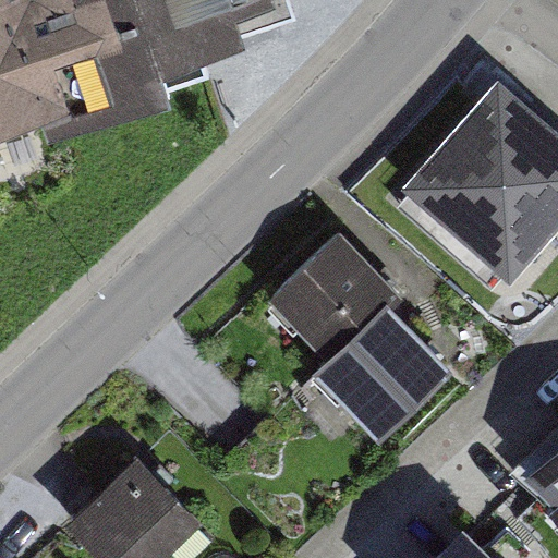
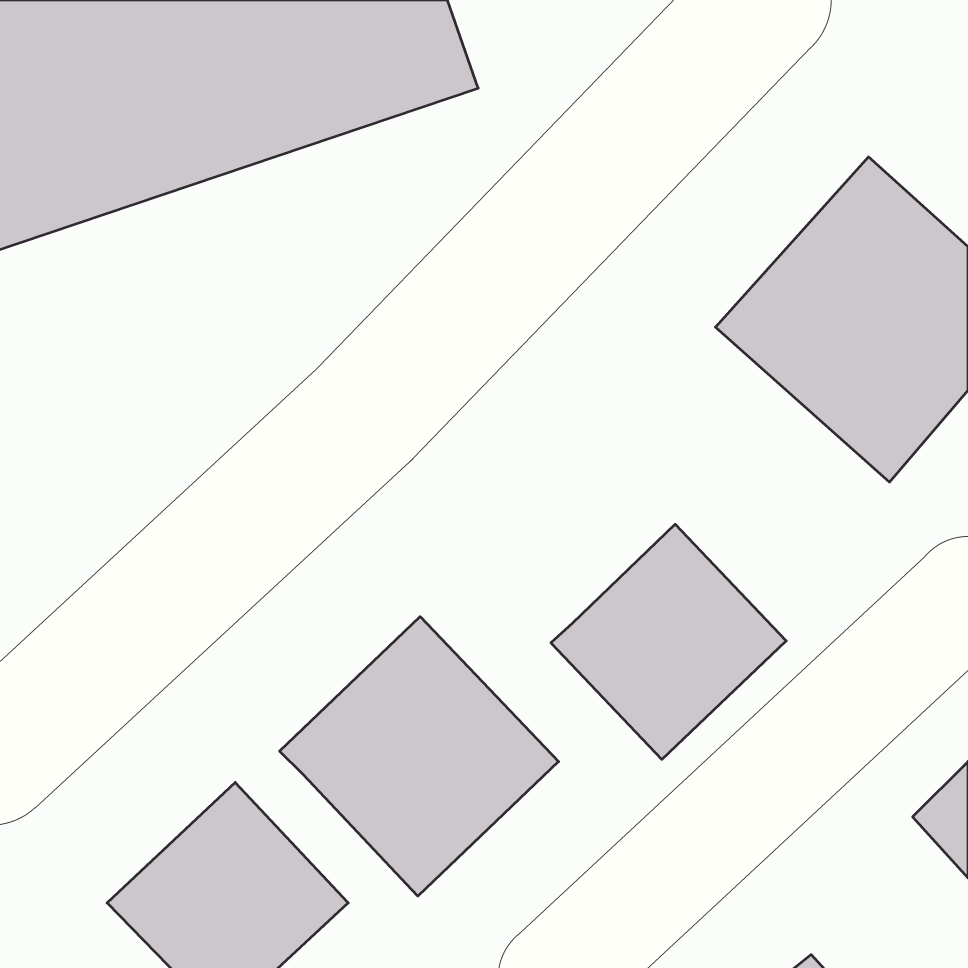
building: [267,230,398,361] -> none
building: none -> [280,617,559,896]

